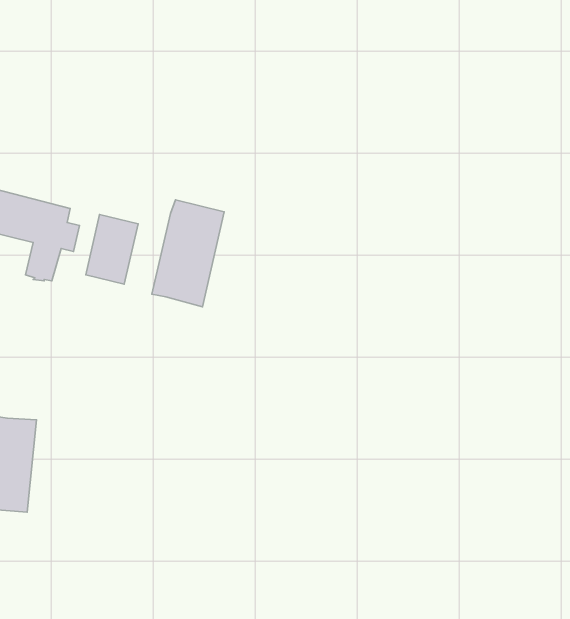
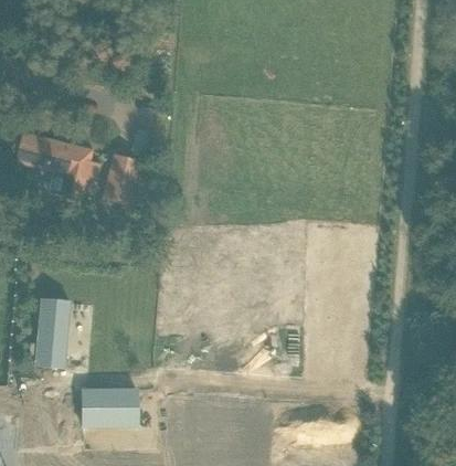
building: [152,200,224,307] -> none
building: none -> [83,389,137,427]

